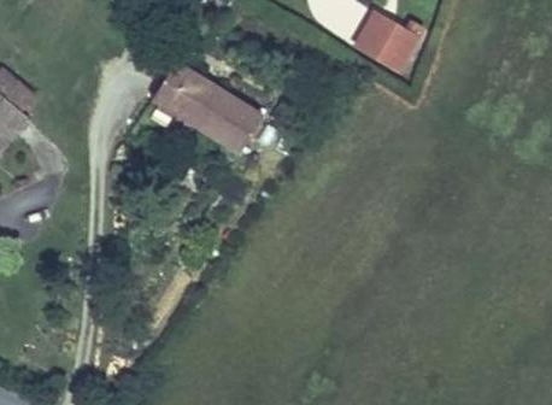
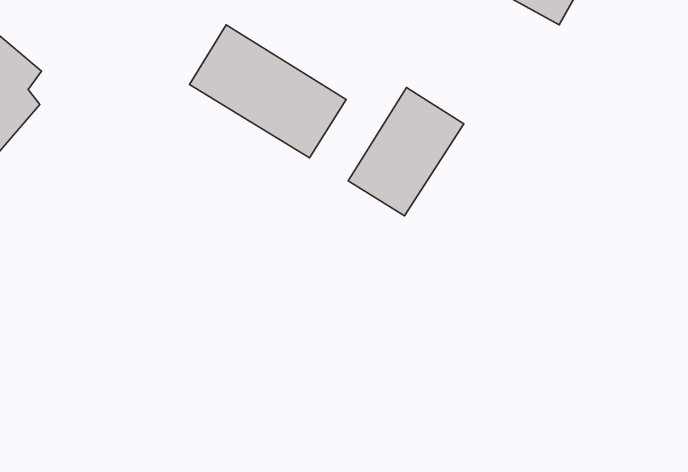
building: none -> [348,88,464,216]

